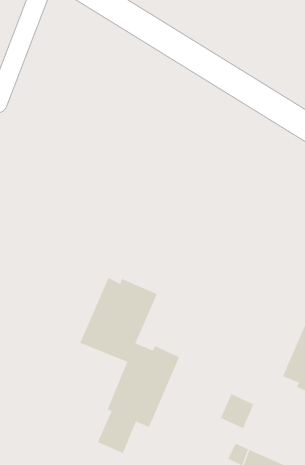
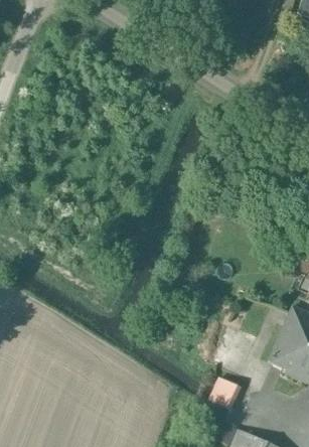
building: [79,277,180,454] -> none

